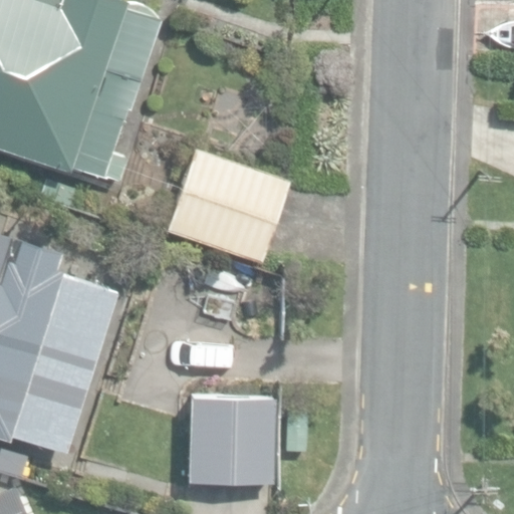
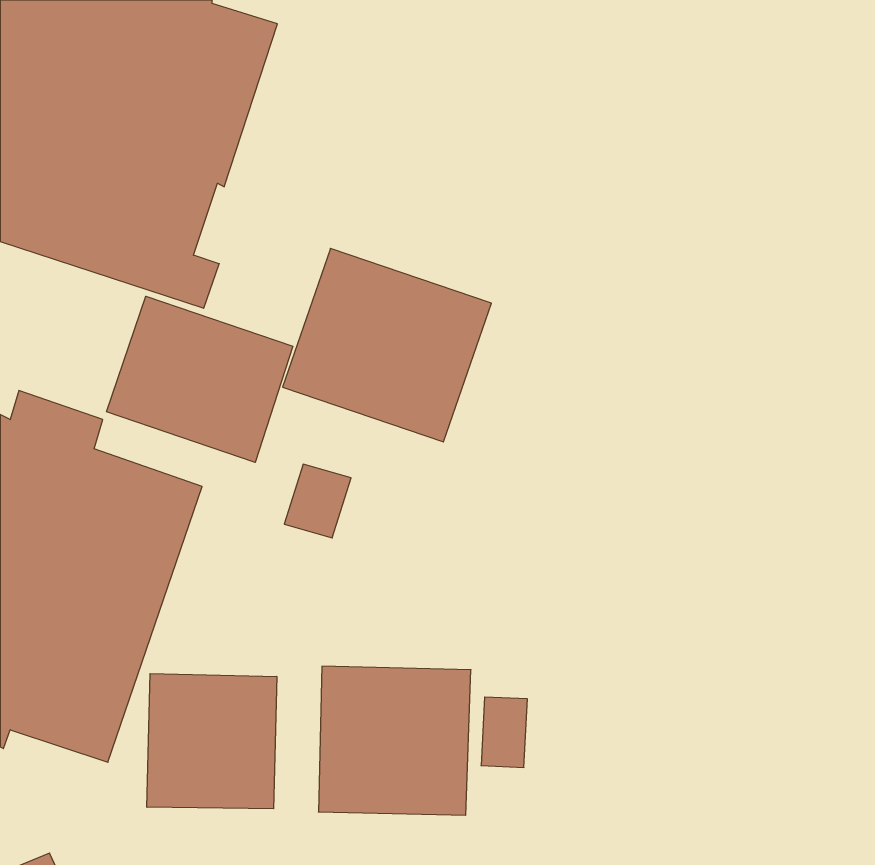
building: none -> [107,296,293,462]
building: none -> [147,674,277,809]

